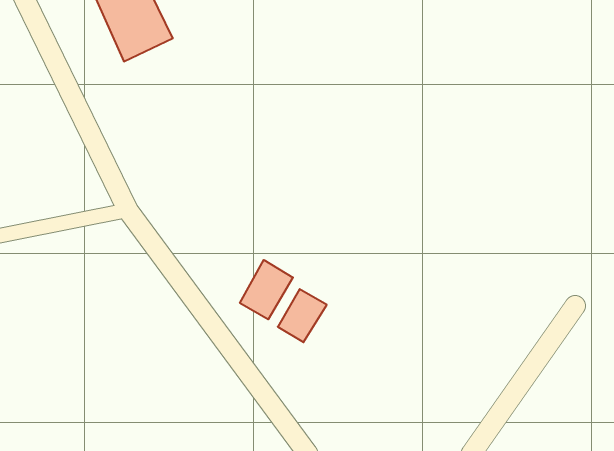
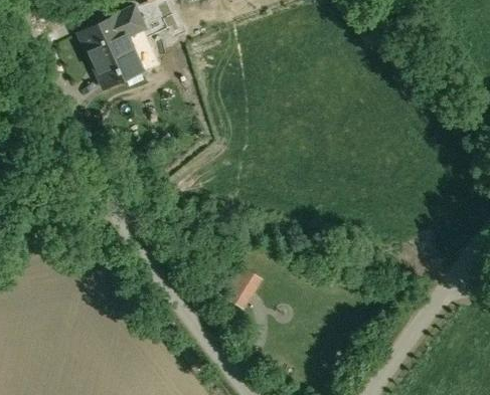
building: [240,260,293,319] -> none

